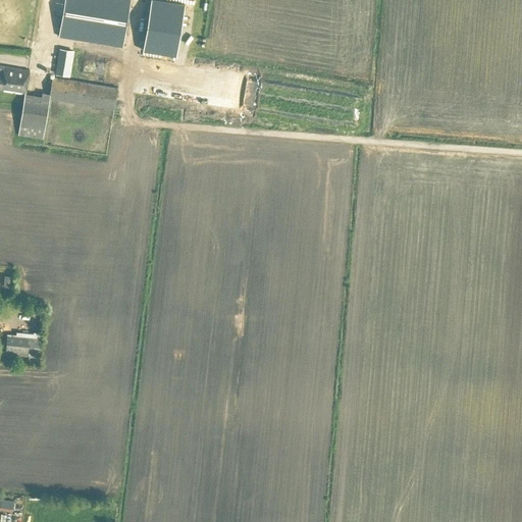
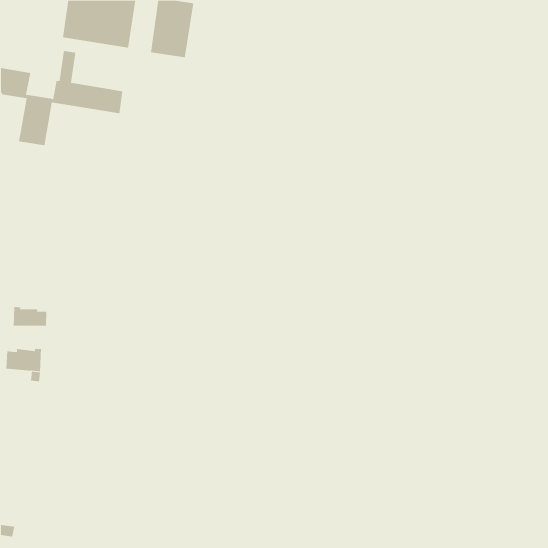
building: none -> [13,306,47,327]

